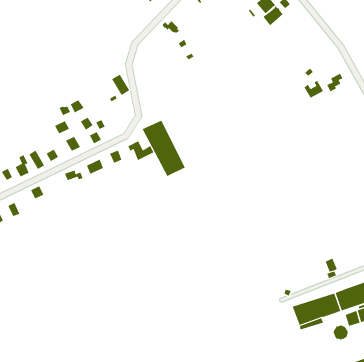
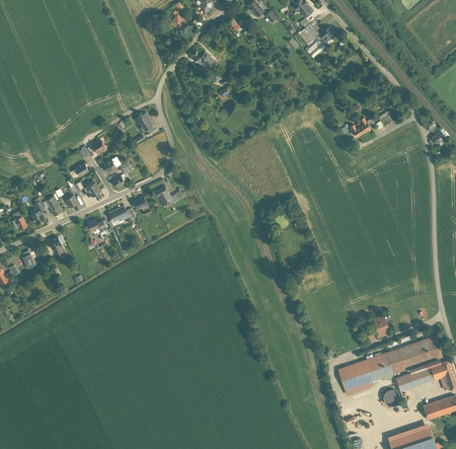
building: [142,120,185,177] -> none

